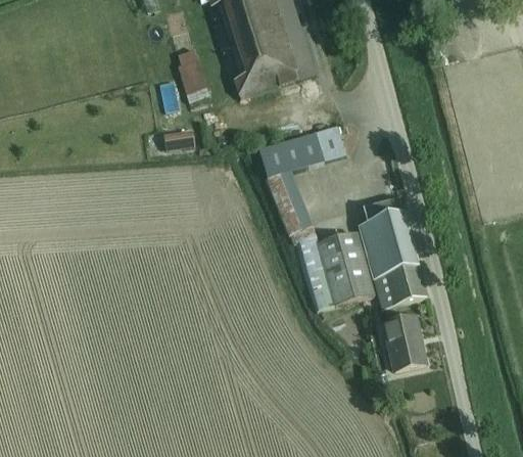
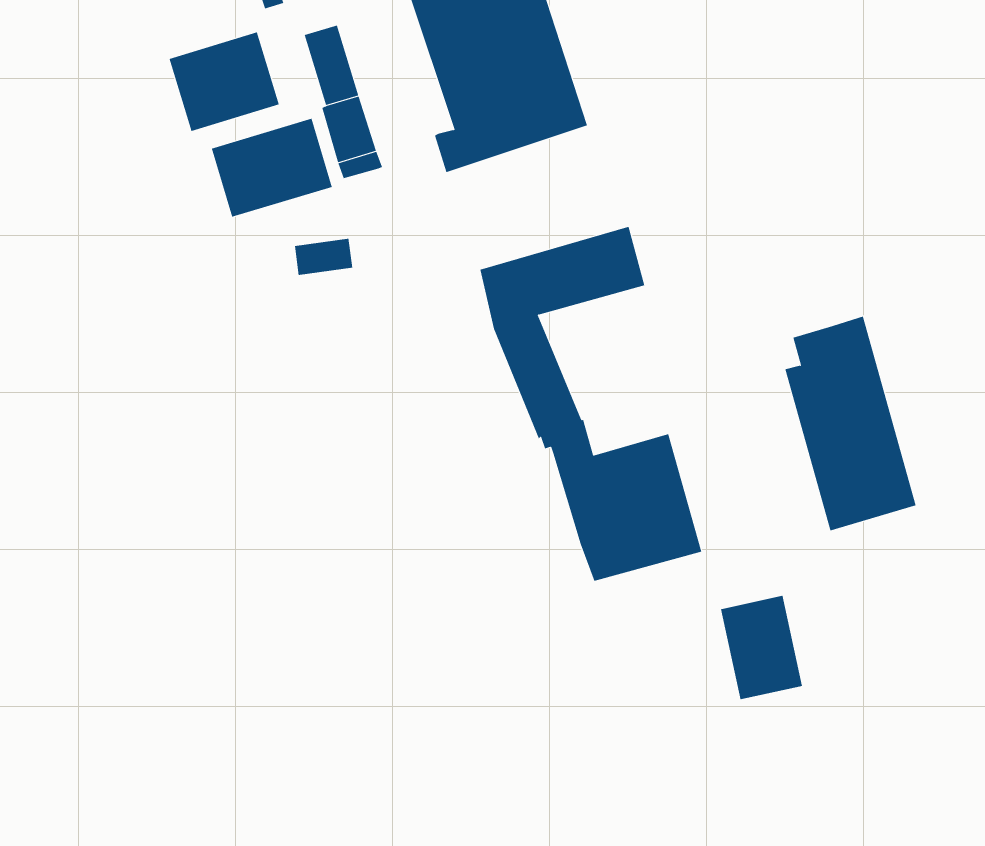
building: none -> [169,32,279,132]
building: none -> [211,118,332,218]
building: [359,196,427,308] -> [785,316,917,531]

